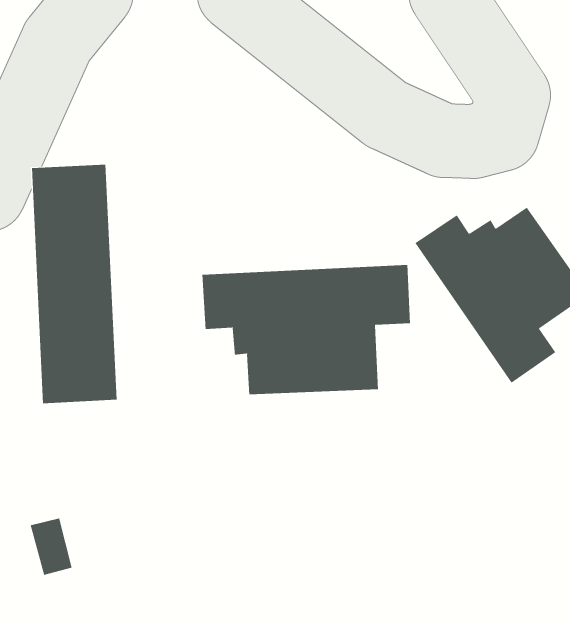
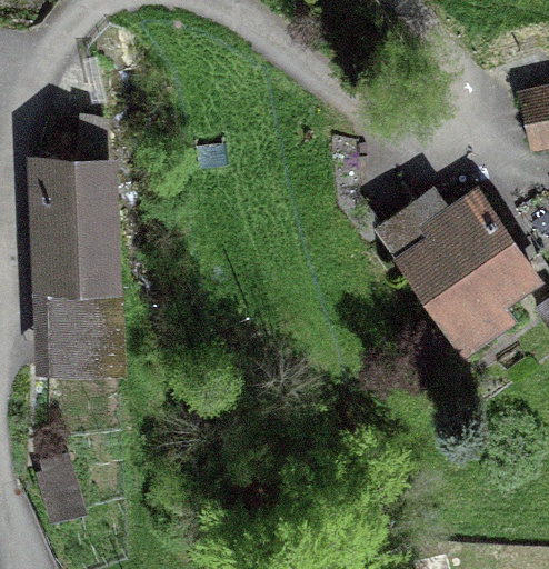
building: [202,264,410,395] -> none

